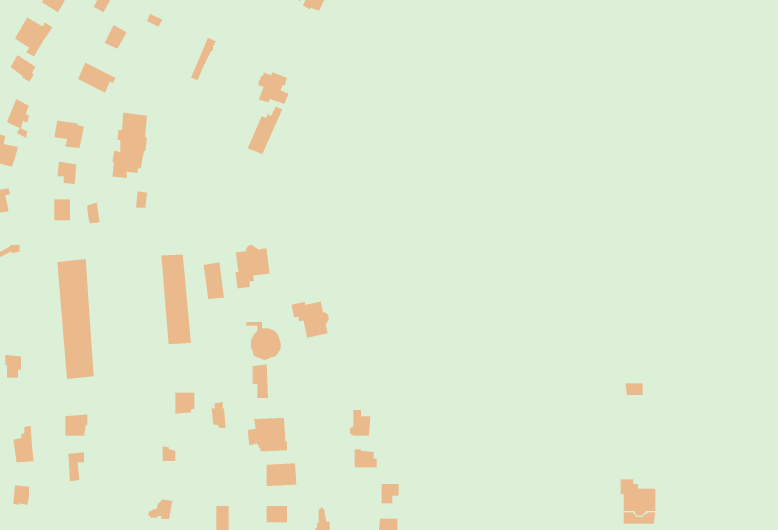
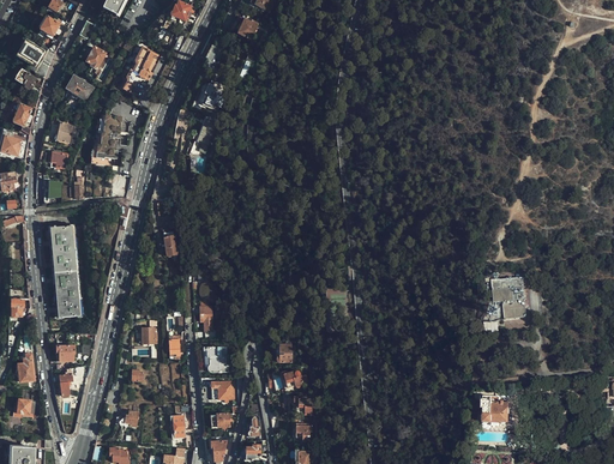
building: none -> [120,46,157,97]
building: [235,244,270,289] -> none
building: [161,254,192,345] -> none
building: [291,301,330,338] -> none
building: none -> [492,281,524,318]

